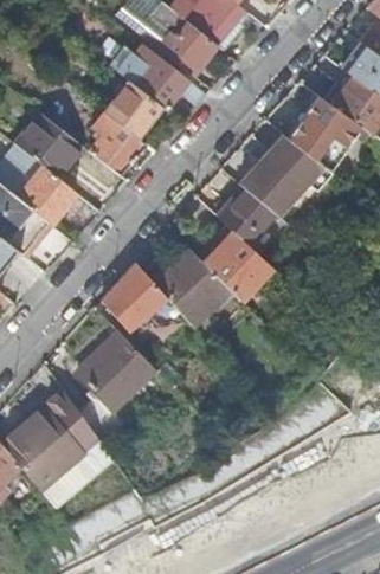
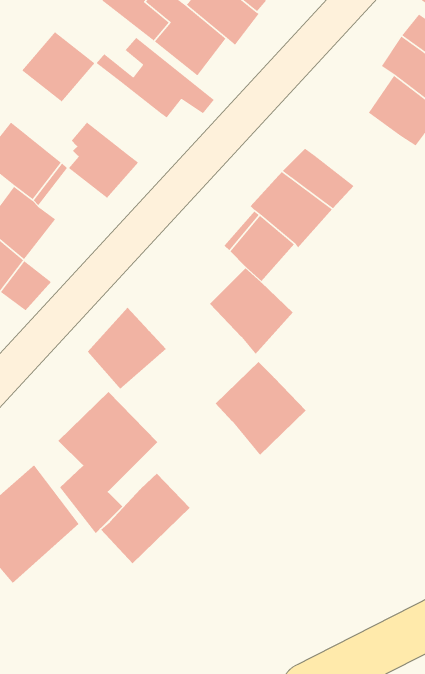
building: [102,80,162,138] -> [21,31,95,103]
building: [288,97,356,168] -> none
building: [153,247,227,324] -> [215,361,306,456]
building: none -> [100,473,191,564]

